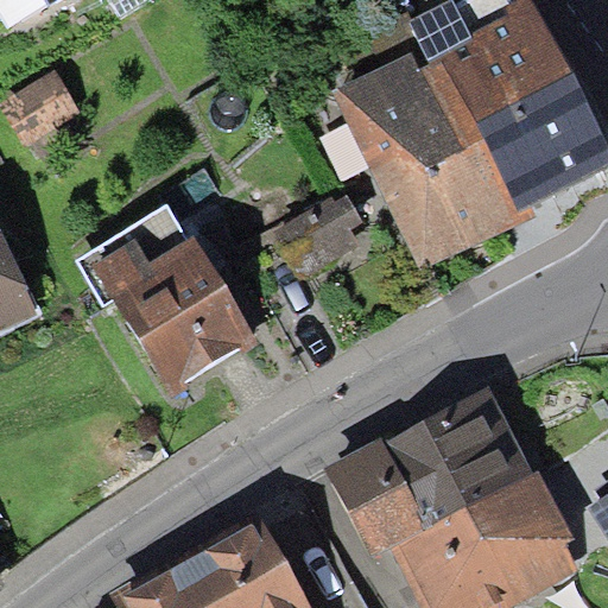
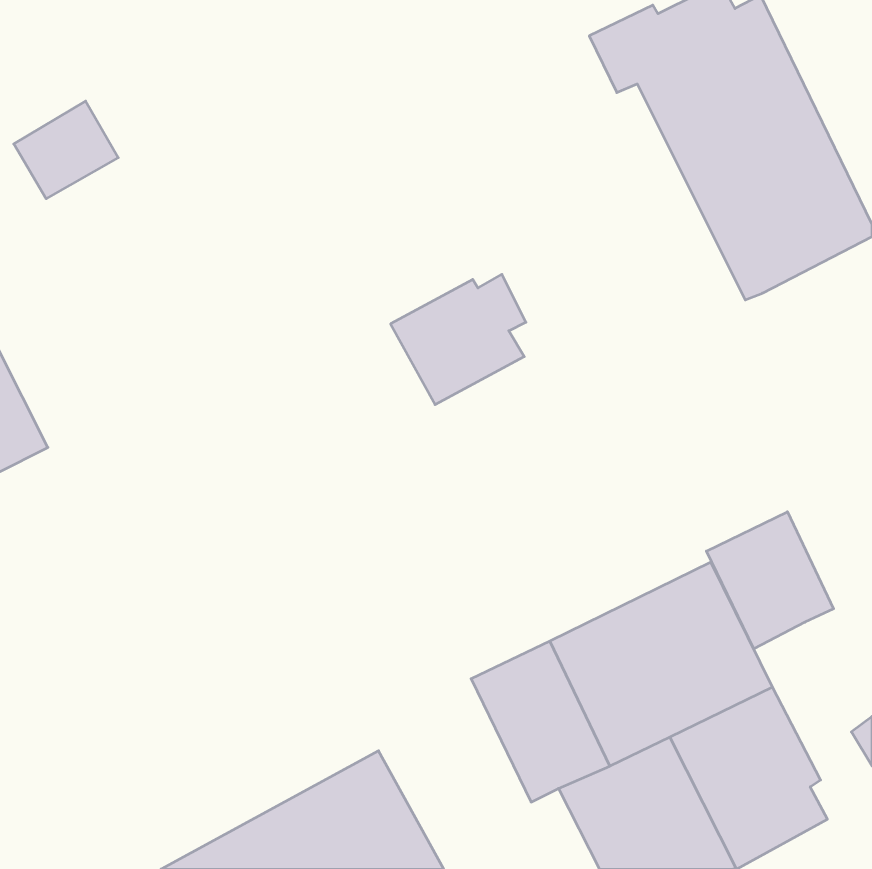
building: [334,50,534,270] -> none
building: [72,196,256,395] -> none
building: none -> [706,512,834,649]

